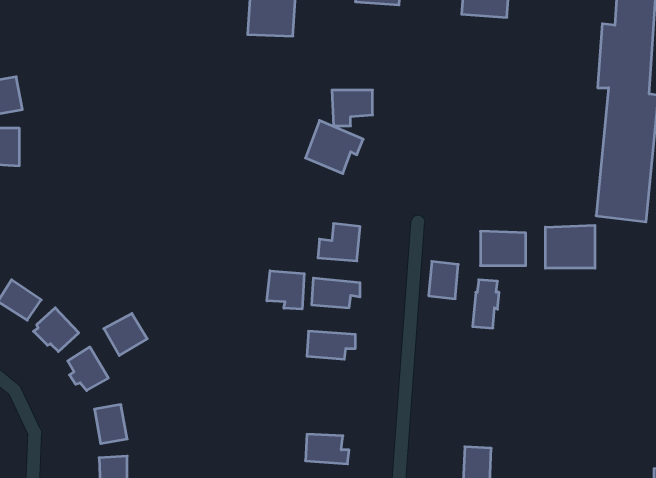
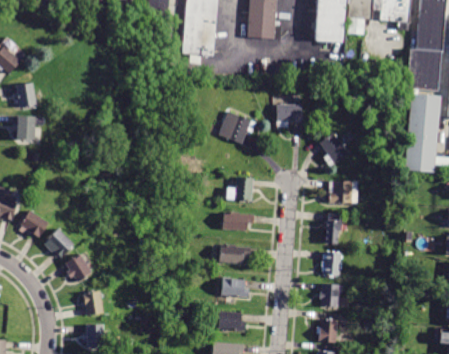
building: [332,90,373,126] -> [276,104,302,127]
building: none -> [320,132,349,166]
building: [545,225,595,268] -> none
building: [429,261,458,299] -> [323,251,342,275]
building: [267,271,304,309] -> none
building: [104,313,147,356] -> none
building: none -> [221,276,249,297]
building: none -> [319,283,340,307]

